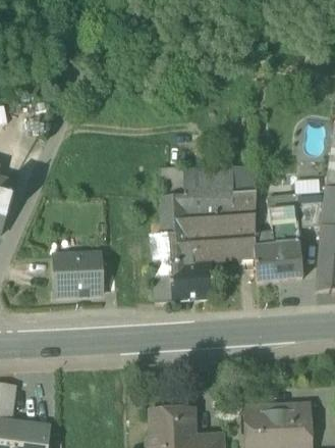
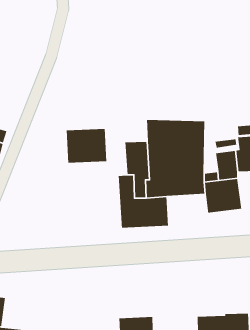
building: [54,251,104,294] -> [66,128,107,164]

